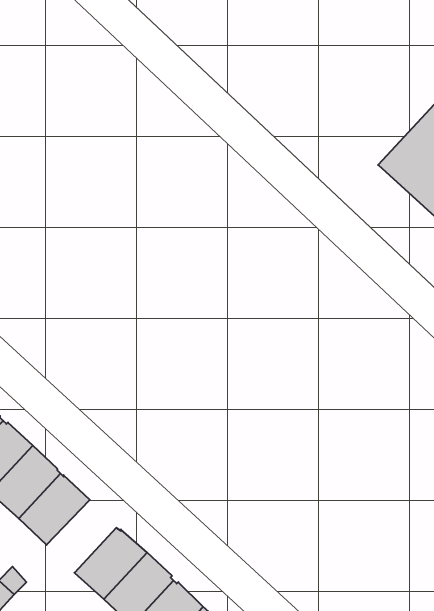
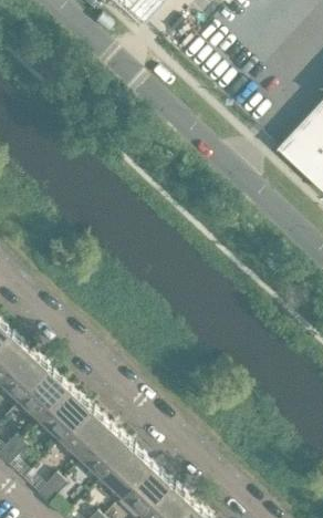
building: none -> [39,388,88,441]

